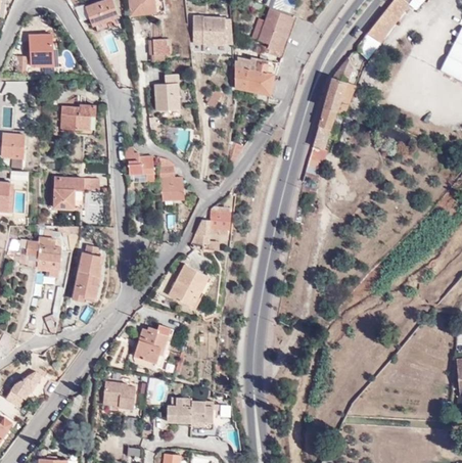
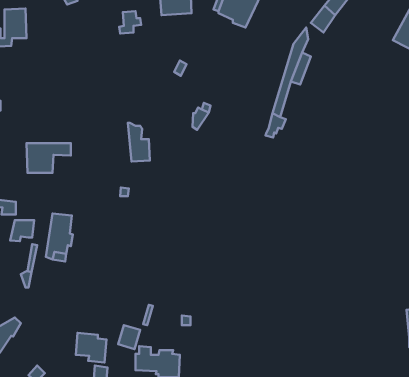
building: [233,56,273,96] -> none
building: [156,75,178,109] -> none
building: [60,104,95,136] -> none
building: [124,146,152,180] -> none
building: [188,205,231,242] -> none
building: [39,237,60,261] -> none
building: [170,263,213,309] -> none
building: [134,323,172,366] -> none

